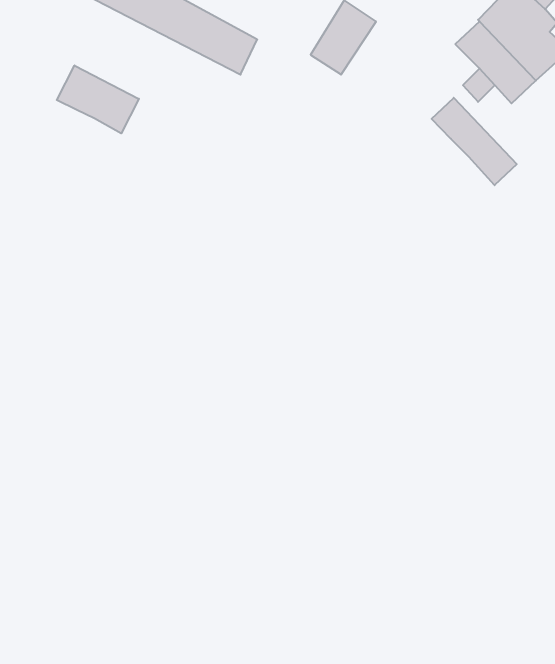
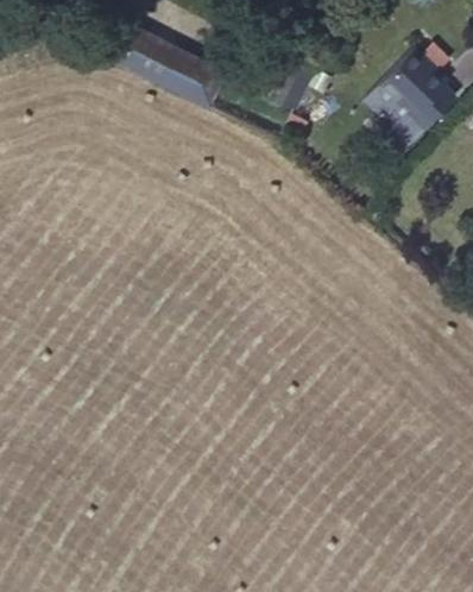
building: [57,65,139,133] -> none
building: [432,98,517,185] -> none

